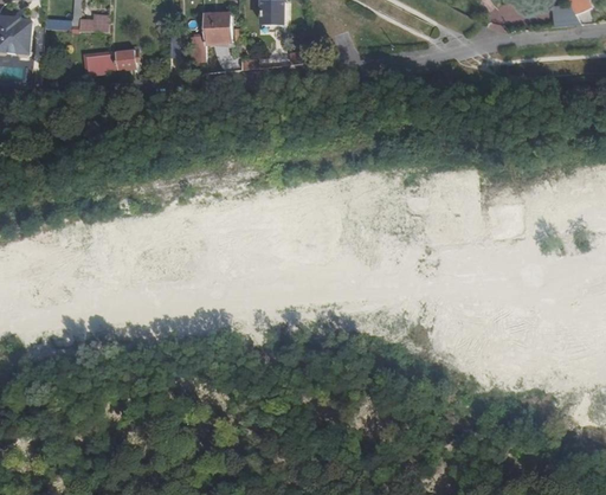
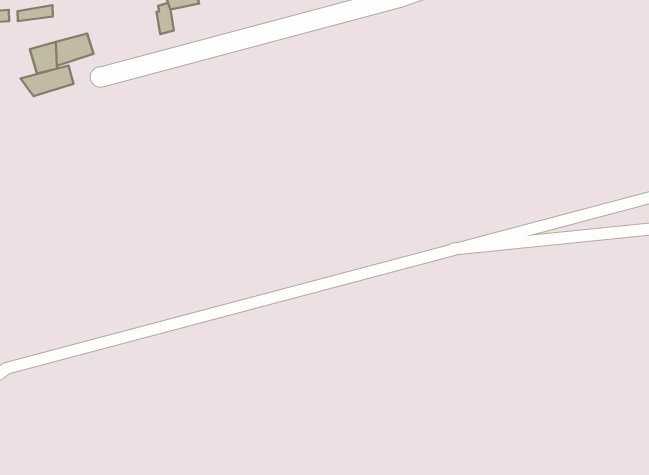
building: none -> [21,66,74,96]

